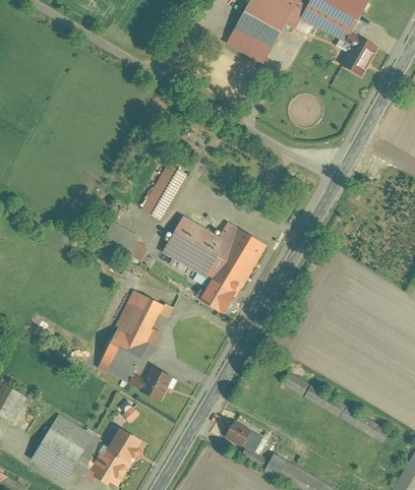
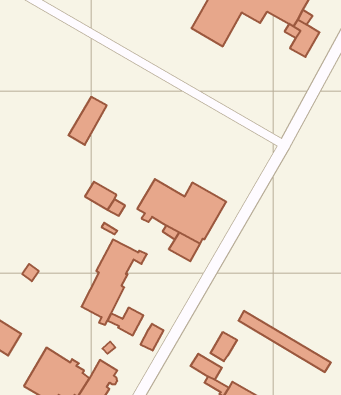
building: [140,163,185,219] -> [68,97,107,145]
building: none -> [141,324,163,351]
building: none -> [210,332,237,361]

